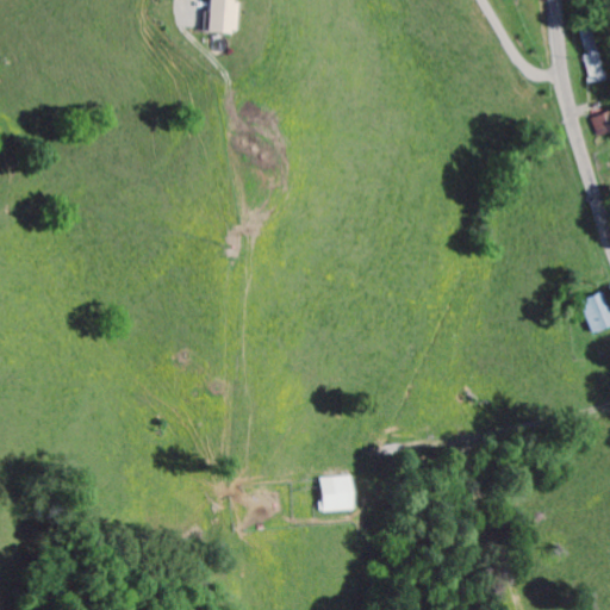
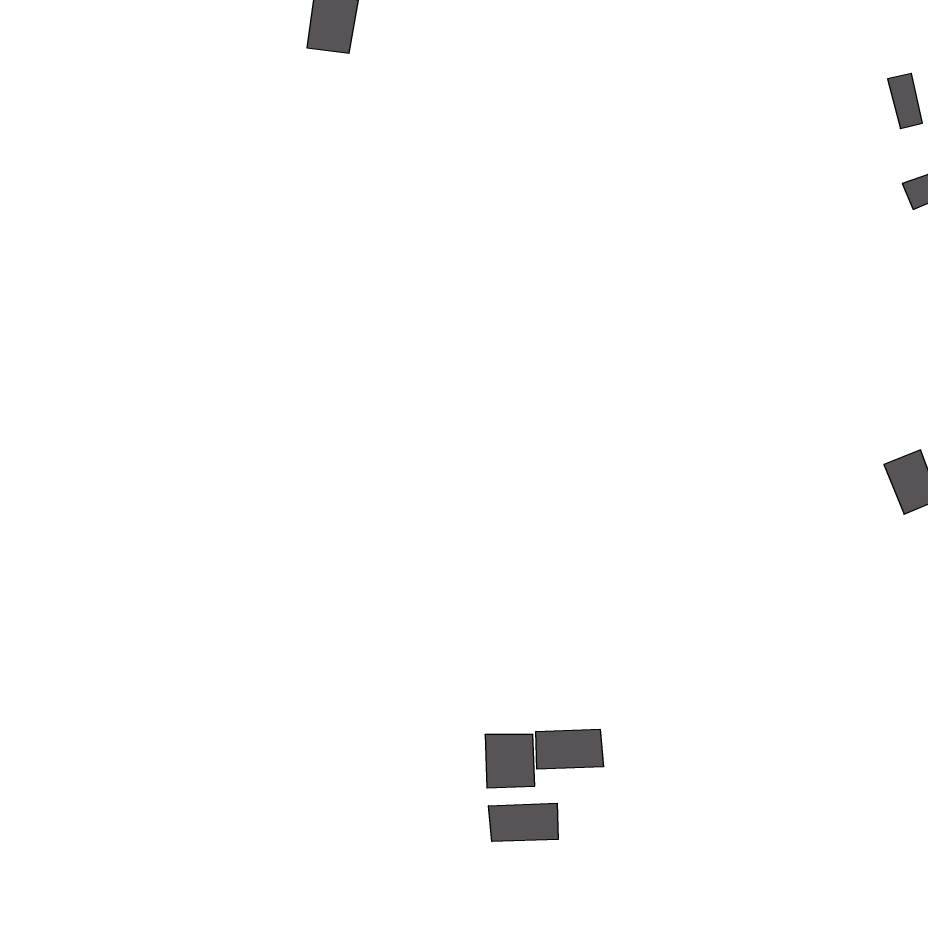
building: none -> [536,729,603,769]
building: none -> [489,803,558,842]

